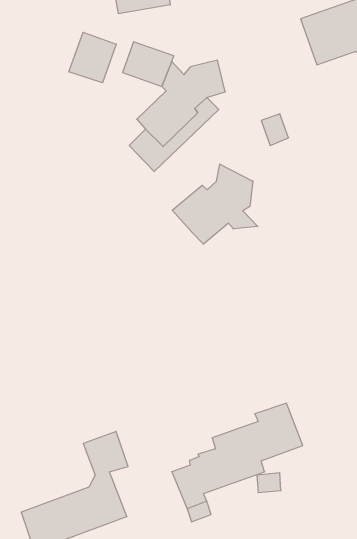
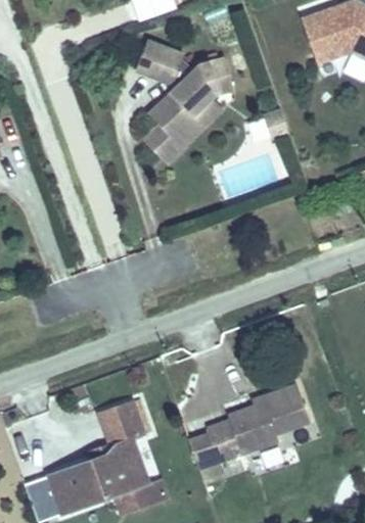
building: [69,32,116,83] -> none
building: [172,164,258,244] -> none

